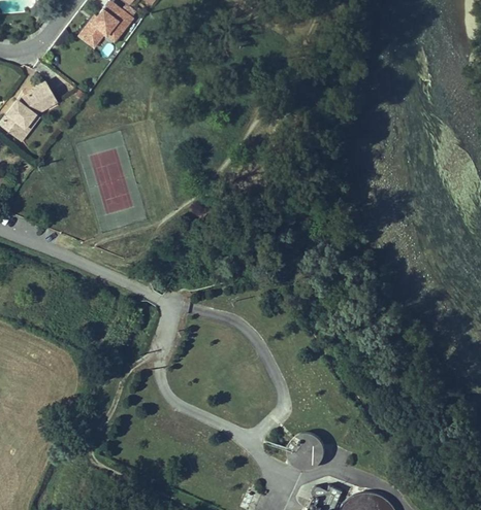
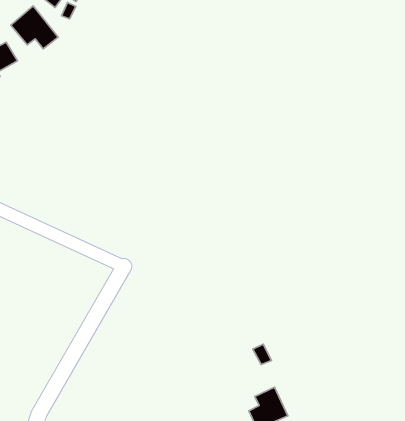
building: none -> [11,6,58,49]

